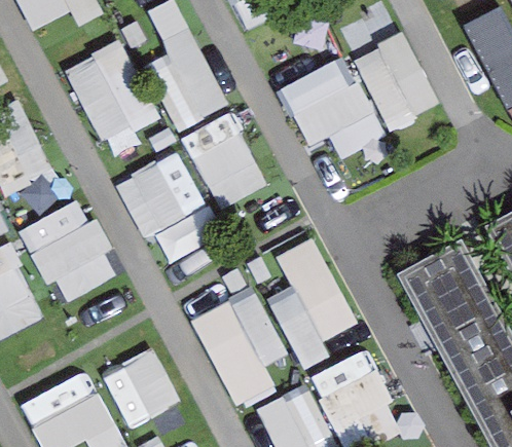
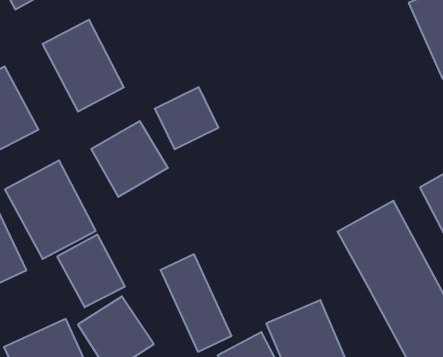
building: [354,33,440,131] -> none
building: [149,35,242,128] -> none
building: [284,62,374,160] -> none
building: [270,236,359,357] -> none
building: none -> [57,234,125,307]

